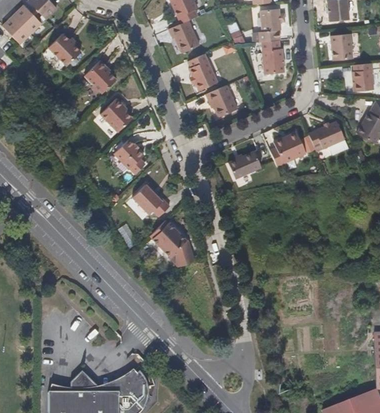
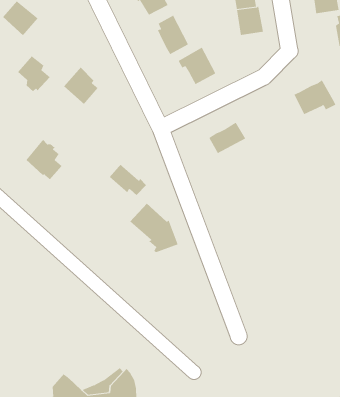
building: [86,61,116,94] -> [17,56,51,92]
building: [271,133,309,169] -> none
building: [114,139,147,177] -> [26,139,62,180]

